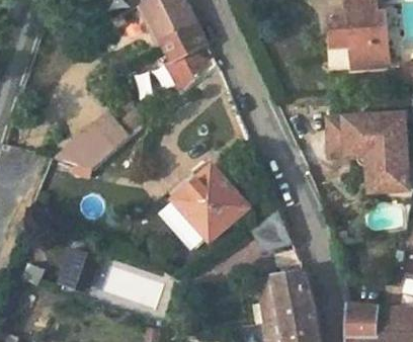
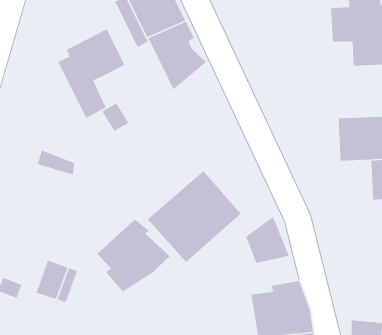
building: none -> [57,28,126,119]
building: none -> [96,219,171,293]

